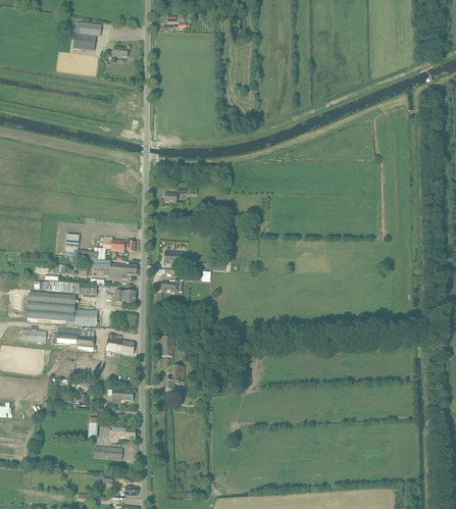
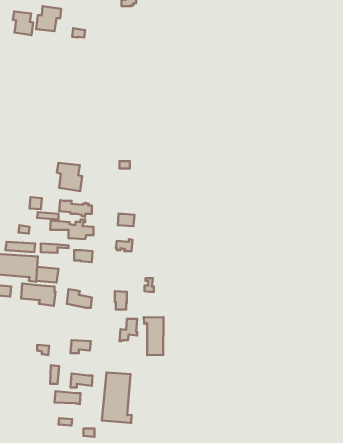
building: none -> [13,11,33,35]
building: none -> [57,163,82,191]
building: none -> [144,317,164,355]
building: none -> [102,372,132,423]

